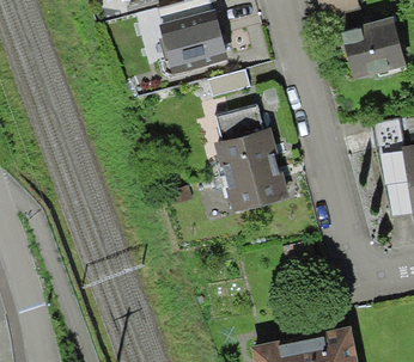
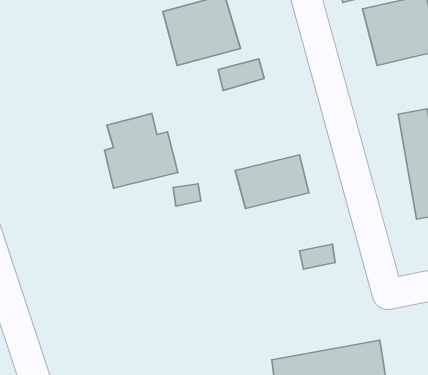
building: [213,103,280,171] -> [104,113,178,188]

